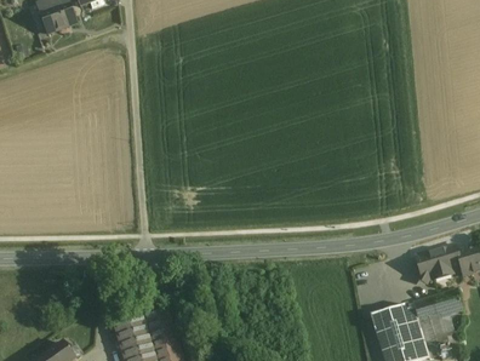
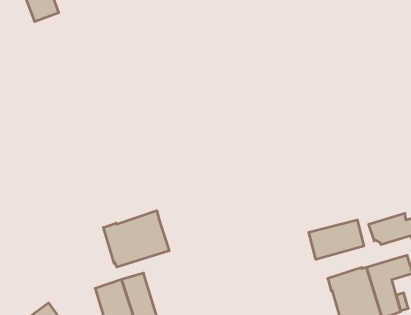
building: none -> [103,211,169,267]
building: none -> [309,220,364,259]

